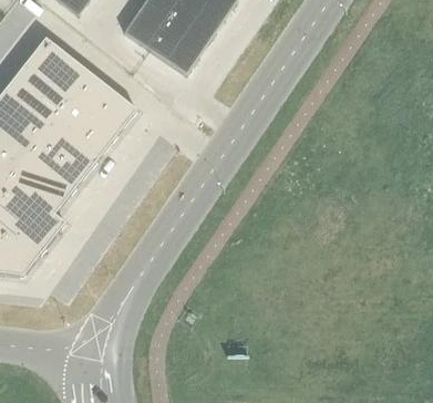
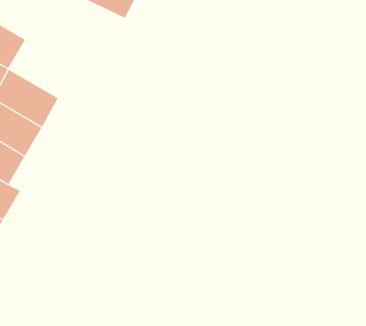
building: [69,72,135,134] -> none

